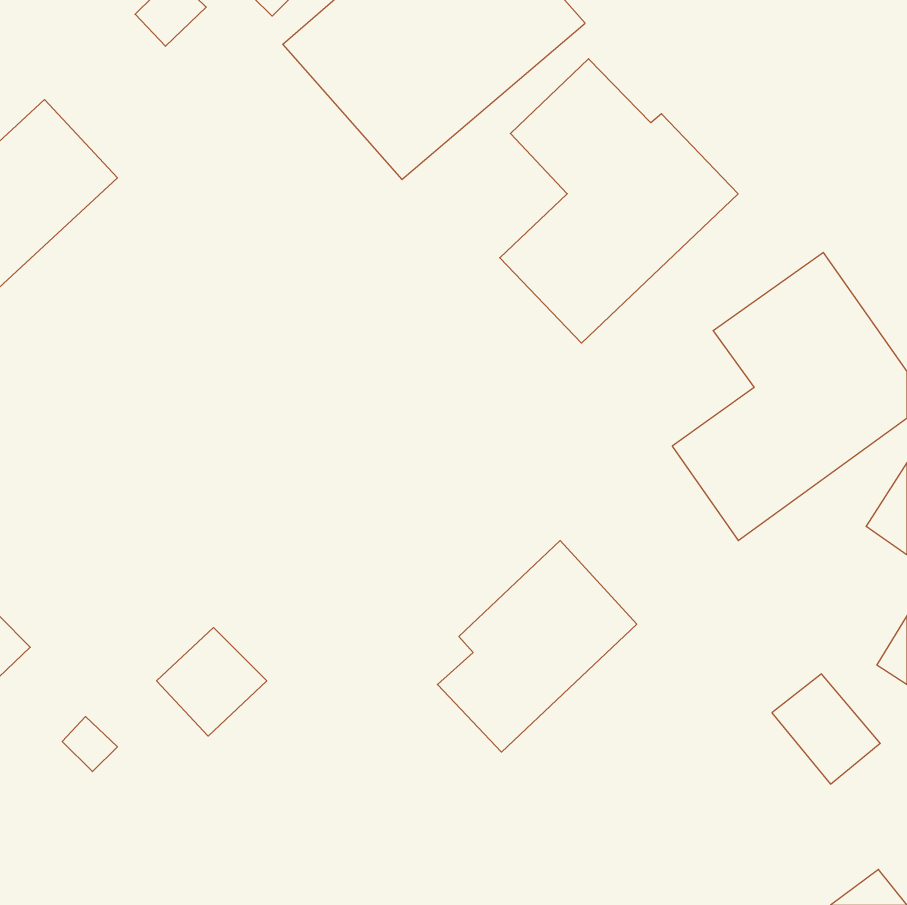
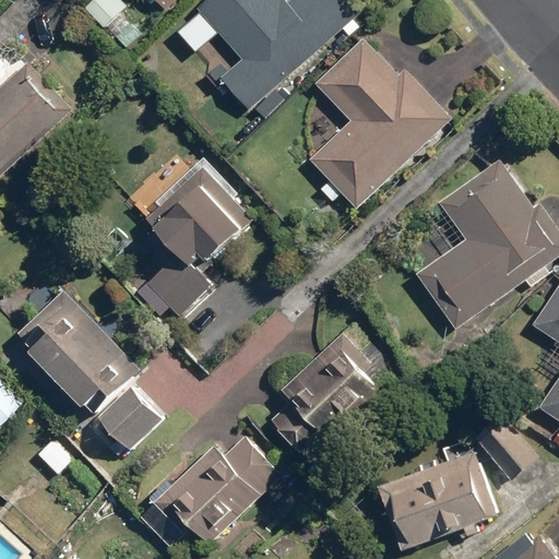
building: none -> [138,160,259,316]
building: none -> [11,288,141,418]
building: none -> [133,436,282,549]
building: none -> [377,451,498,550]

